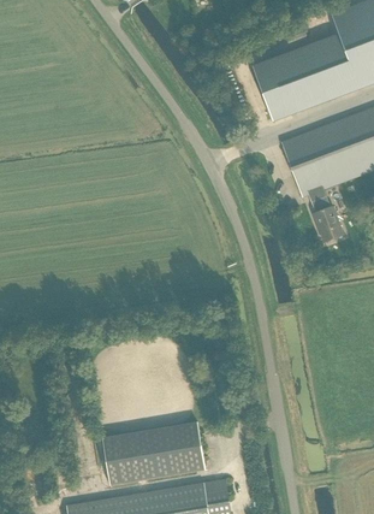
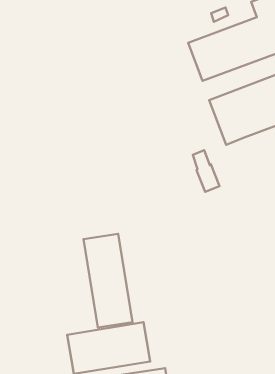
building: [308,189,342,242] -> [193,150,219,192]
building: none -> [83,234,133,327]

